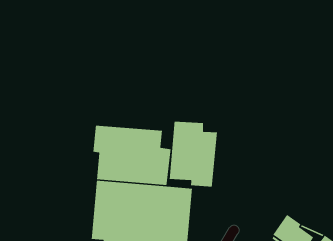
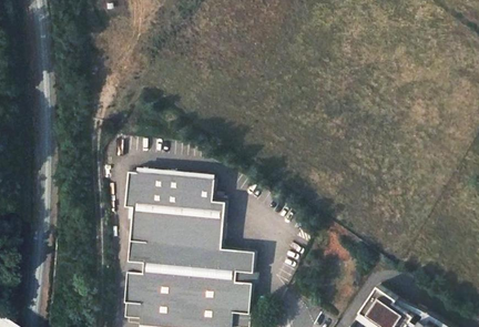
building: [169,121,218,188] -> none

